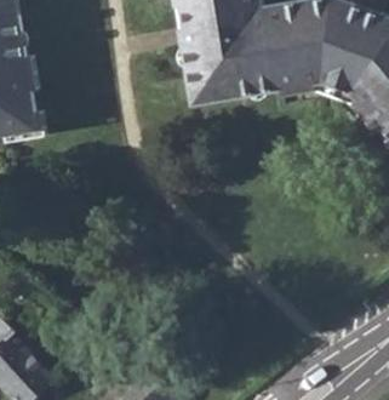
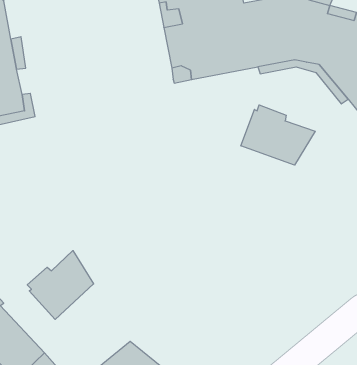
building: none -> [241,105,315,165]
building: none -> [27,251,94,319]

